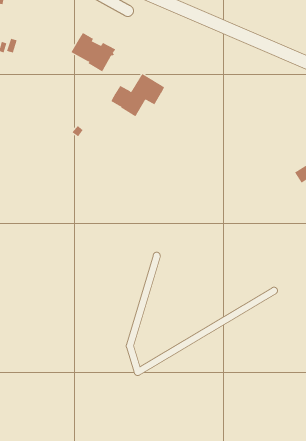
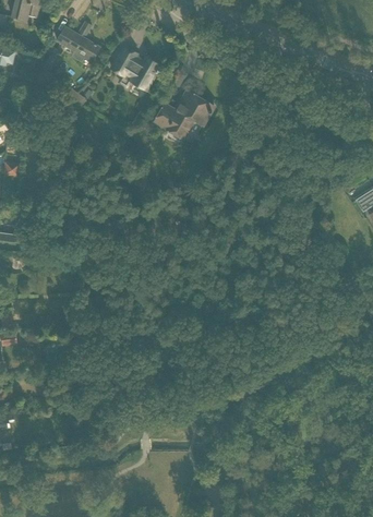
building: none -> [56,22,99,62]

